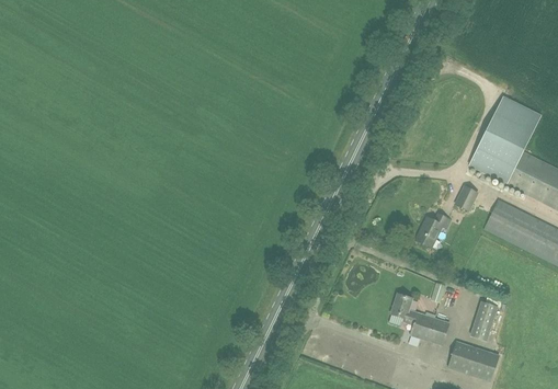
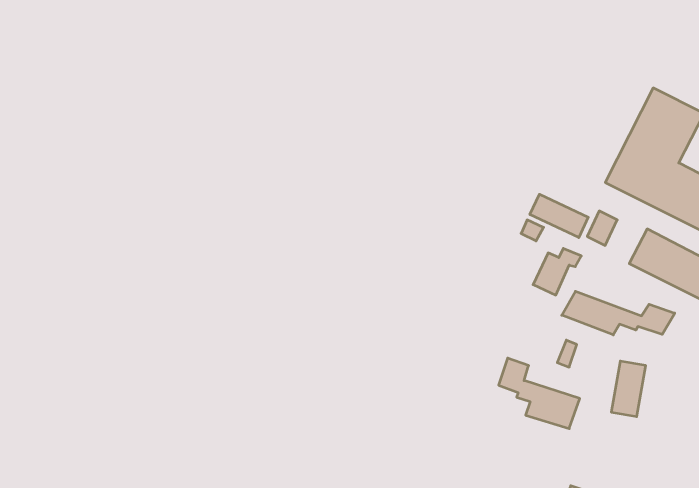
building: none -> [530,194,588,238]
building: none -> [562,291,675,335]
building: [447,341,499,380] -> none

